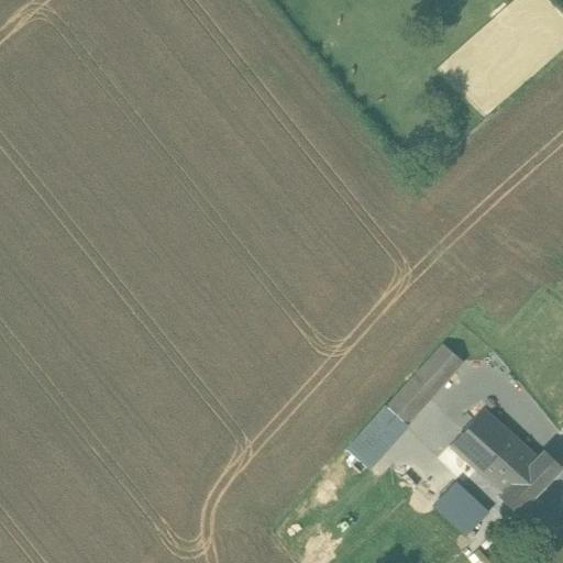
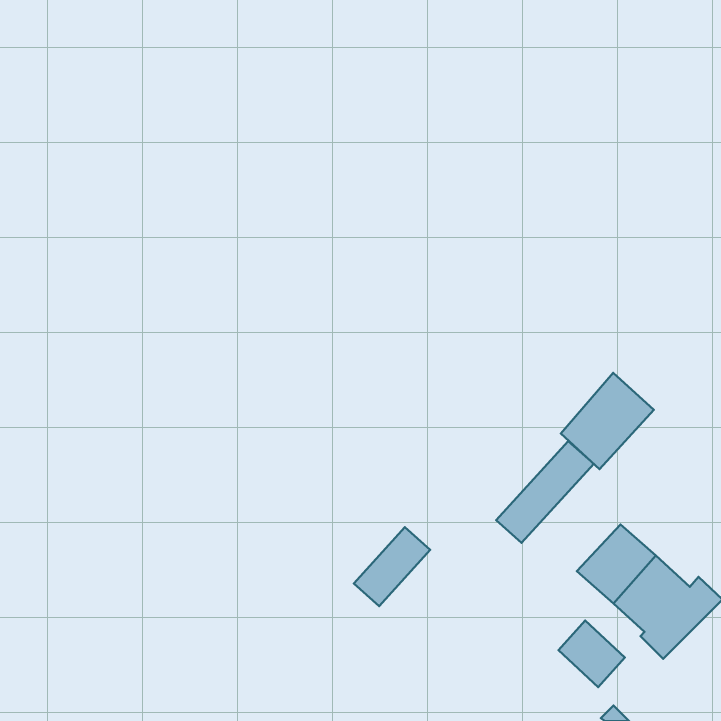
building: none -> [561,373,654,469]
building: [347,405,407,466] -> [354,527,430,606]

